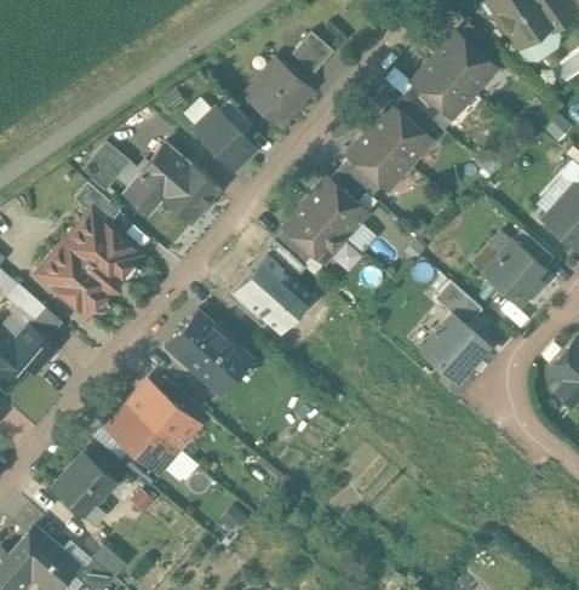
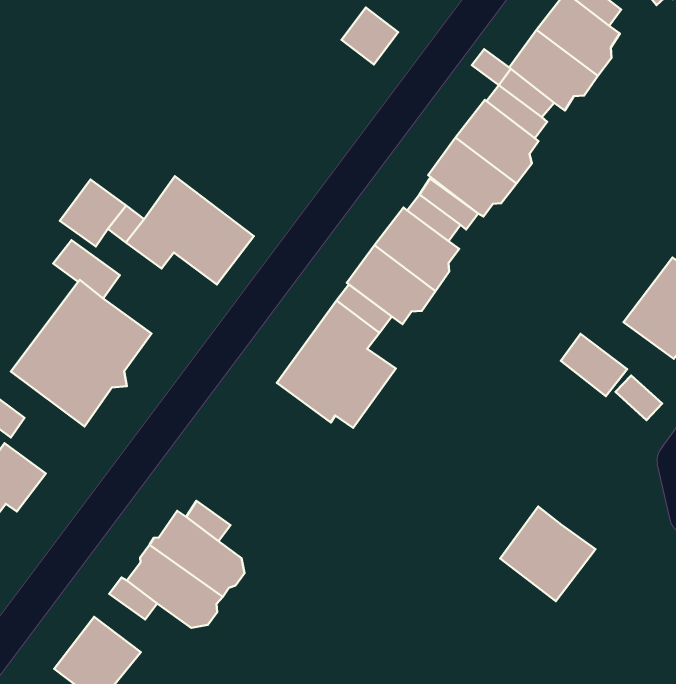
building: [243,62,313,128] -> none
building: [195,109,256,170] -> none
building: [165,310,253,396] -> none
building: [417,310,486,379] -> [500,506,596,601]

